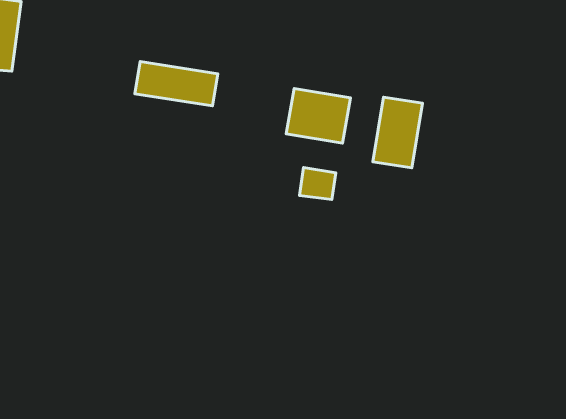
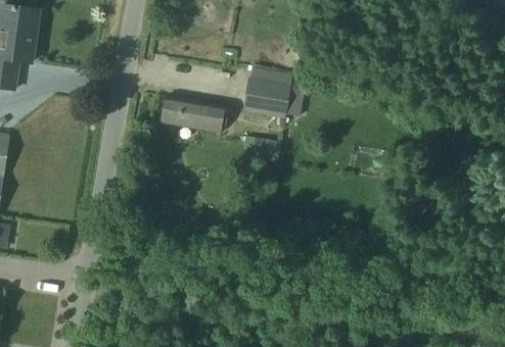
building: [135,62,218,106] -> [162,97,225,131]
building: [373,97,422,168] -> none

